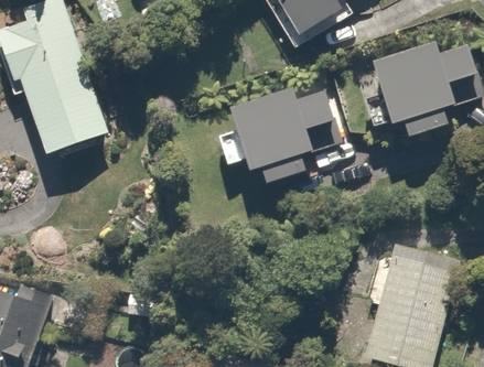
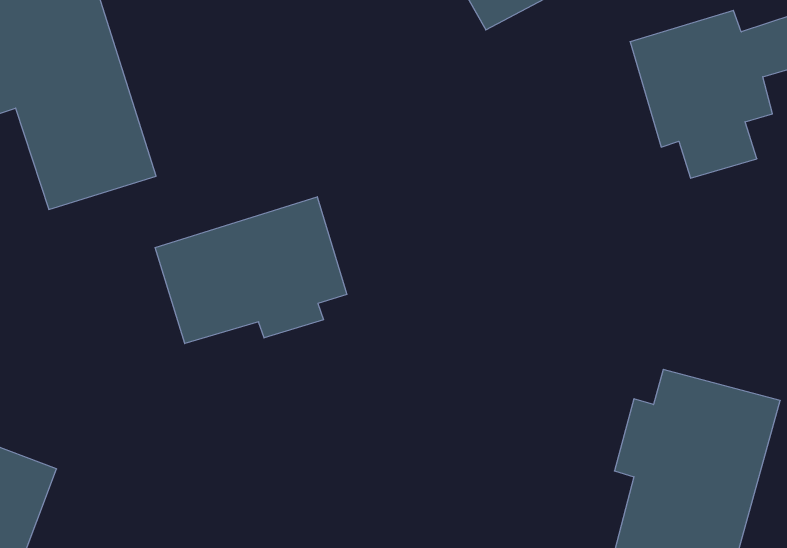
building: [219,75,346,183] -> none
building: none -> [155,197,347,344]

